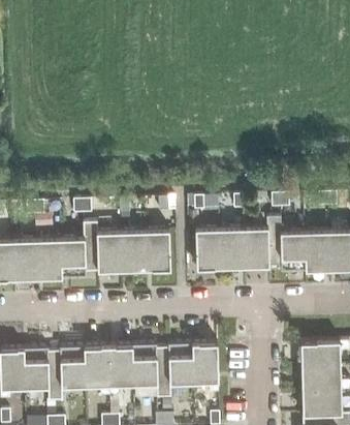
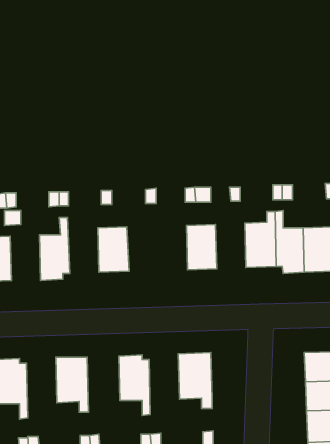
building: [90,223,118,273] -> none
building: [221,229,248,269] -> none
building: [142,231,170,271] -> none
building: [39,239,66,279] -> none
building: [162,344,189,398] -> none
building: [107,346,136,396] -> none
building: [54,347,81,401] -> none

